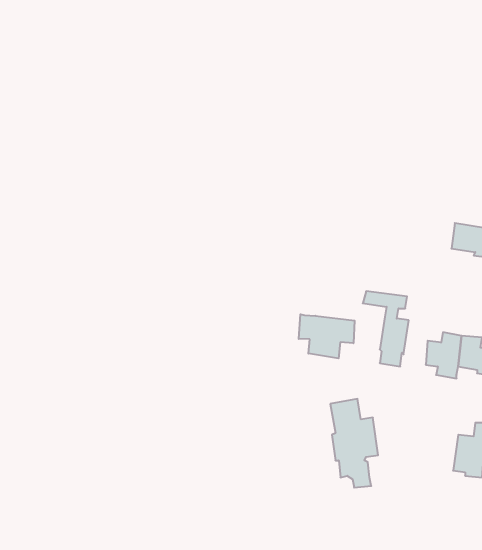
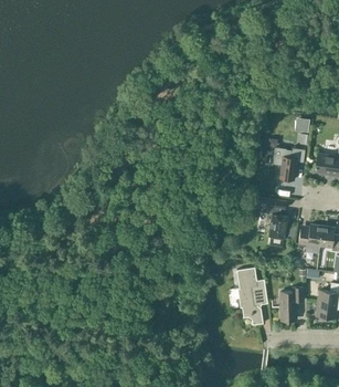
building: none -> [272,145,305,178]
building: [299,314,355,358] -> none
building: none -> [279,286,305,320]

